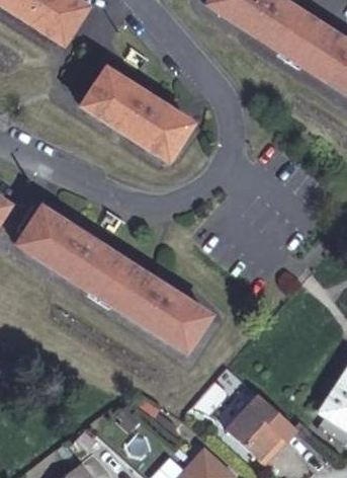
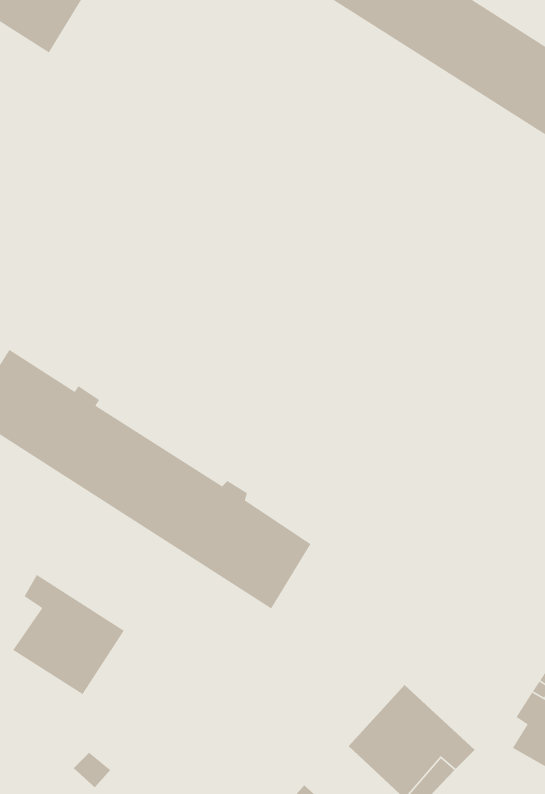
building: [82,69,190,159] -> none
building: none -> [12,574,125,695]

